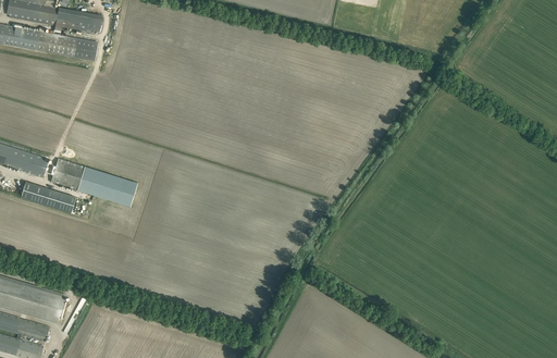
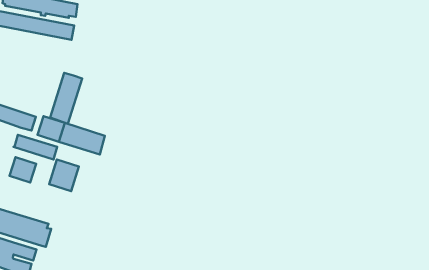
building: none -> [50,73,82,124]
building: none -> [10,157,36,182]
building: none -> [49,160,79,191]

